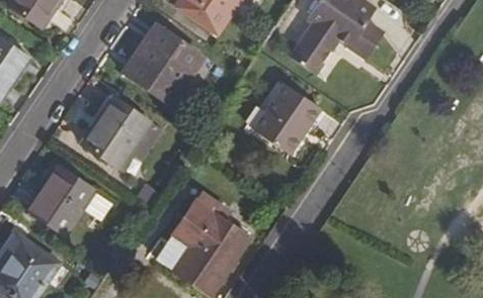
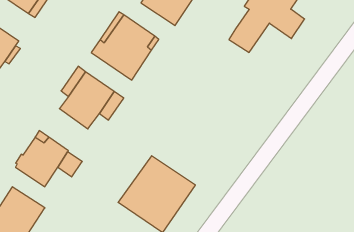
building: [256,84,323,155] -> none

